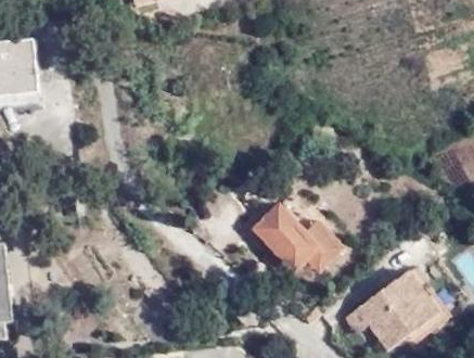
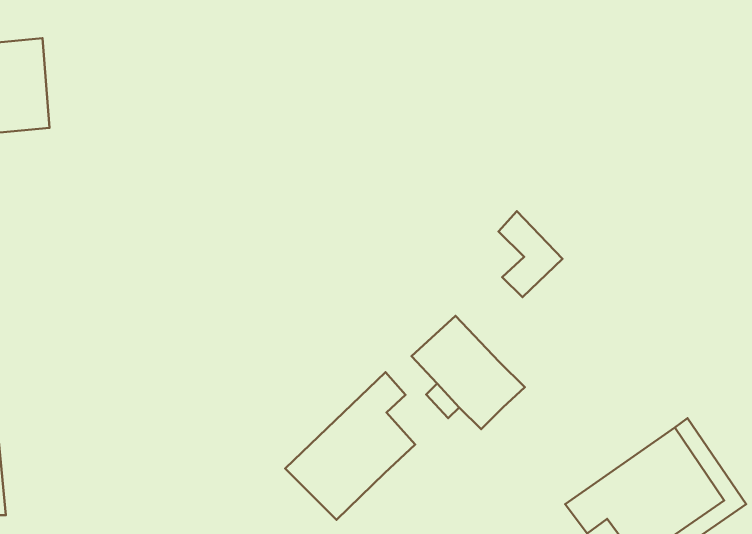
building: [305,221,343,272] -> [499,211,563,297]
building: none -> [285,372,415,520]

